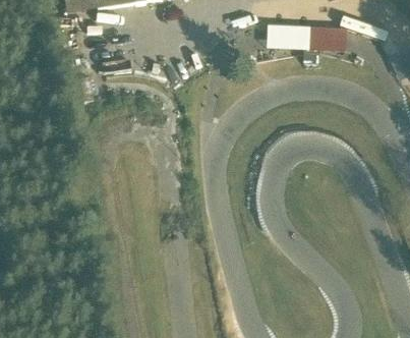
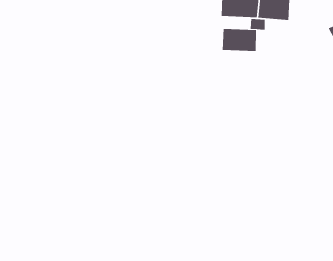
building: none -> [222,28,257,52]

